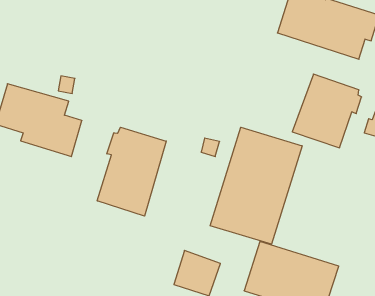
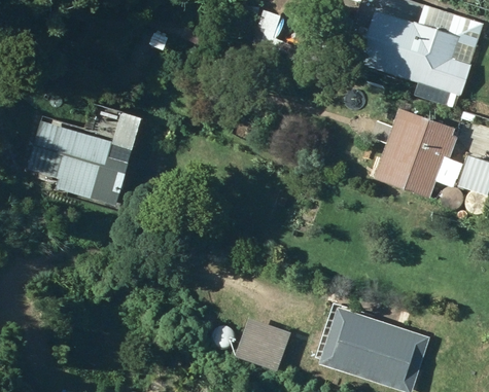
building: [97,127,166,216] -> none
building: [210,127,302,244] -> none

